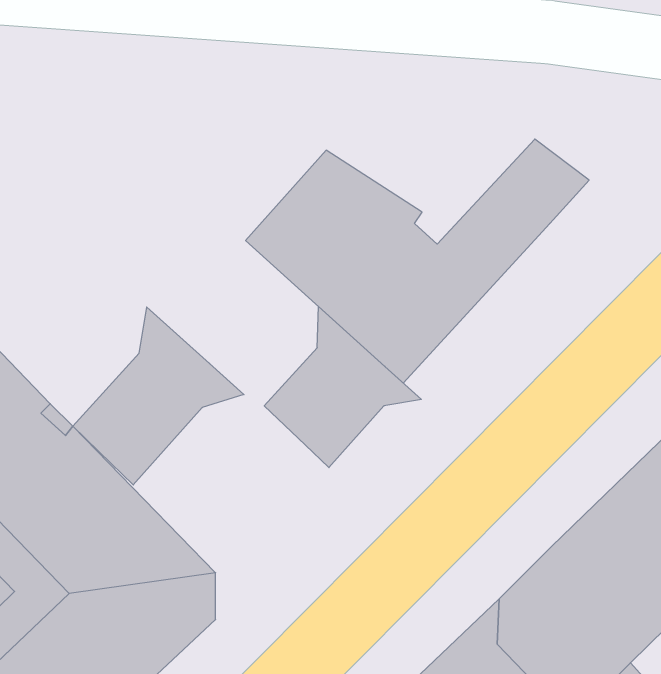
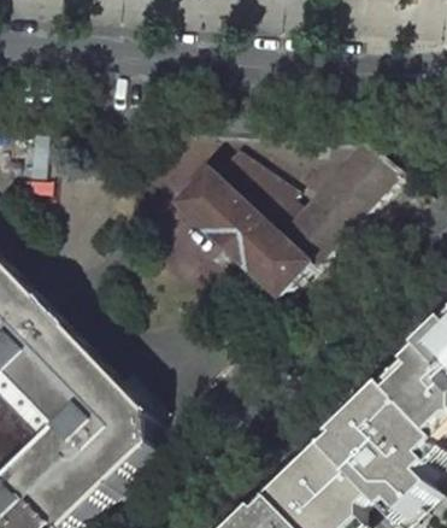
building: [264,307,421,468] -> none
building: [73,307,244,485] -> none

